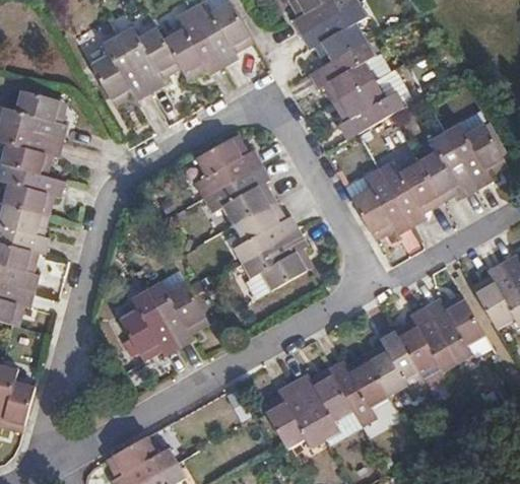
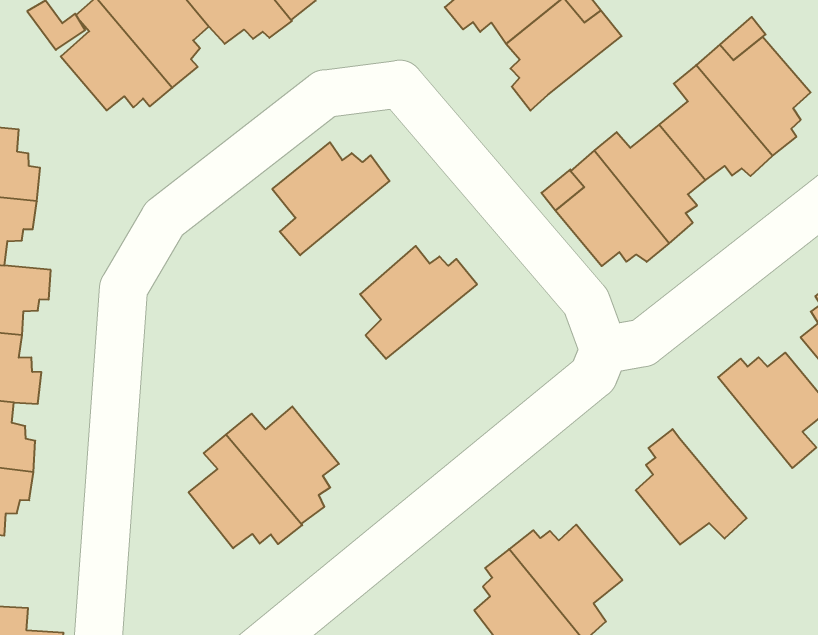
building: [204,165,269,225] -> none
building: [242,231,308,290] -> none
building: [397,306,457,372] -> none
building: [327,360,387,425] -> none

